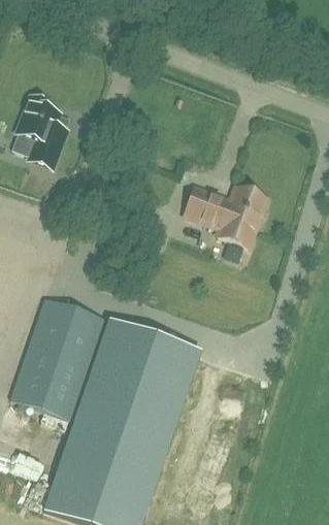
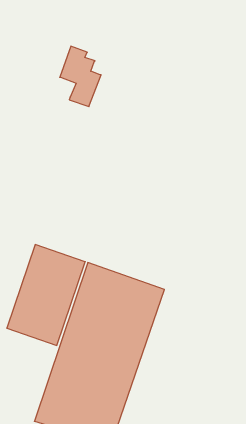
building: [20,96,69,168] -> [60,46,101,107]
building: [185,185,267,244] -> none

